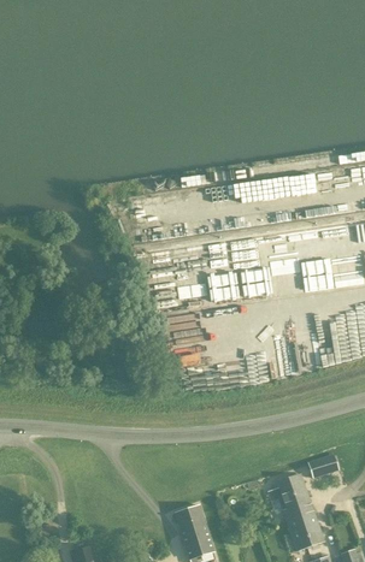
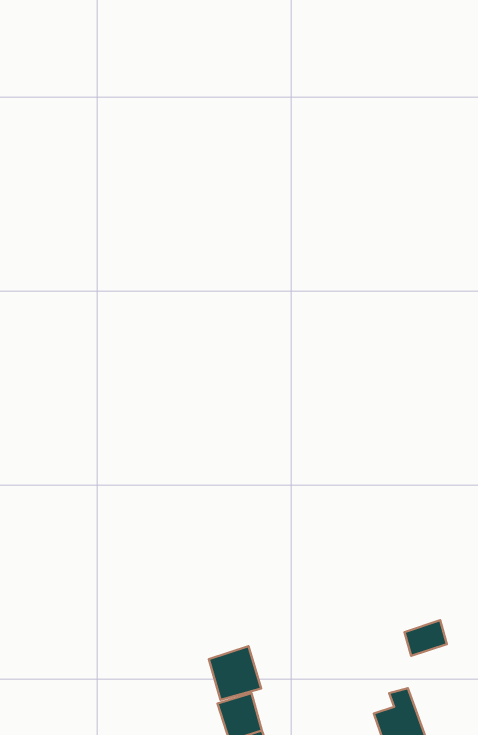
building: none -> [209,646,261,700]
building: [273,473,310,519] -> none

